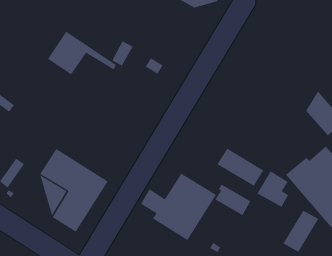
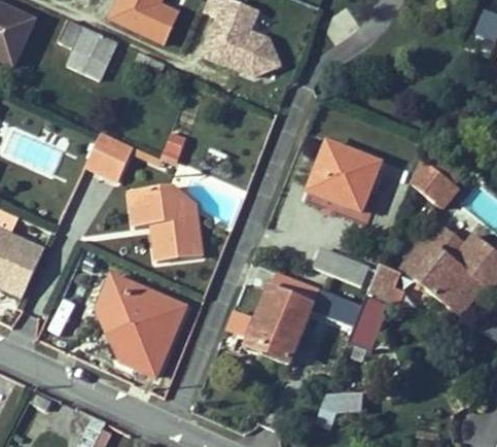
building: none -> [303,136,385,215]
building: none -> [126,184,205,265]
building: [283,210,319,253] -> [349,297,389,350]

